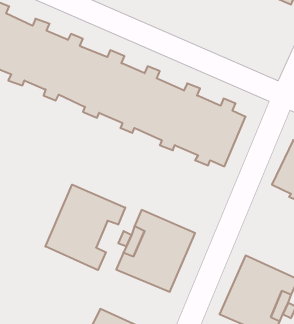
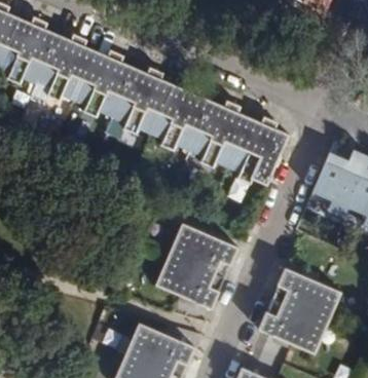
building: [45,185,125,270] -> none

